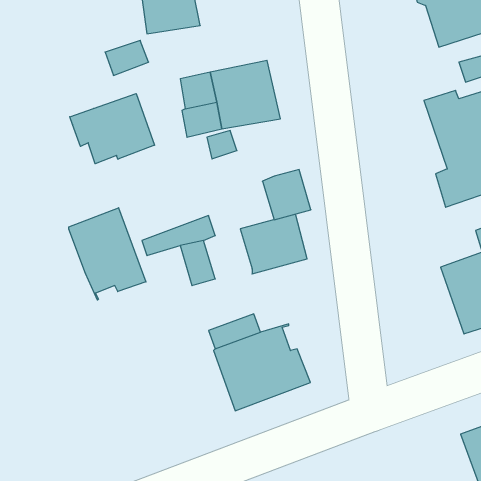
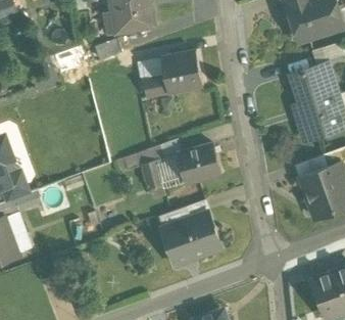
building: [70,94,155,164] -> none
building: [262,170,311,220] -> [156,153,186,184]
building: [69,208,146,300] -> none

